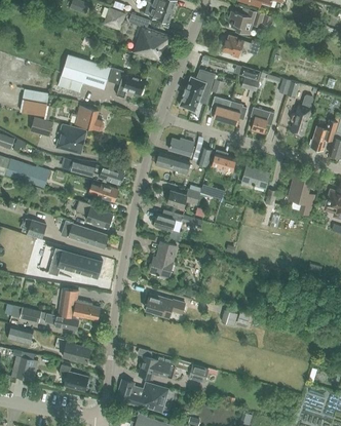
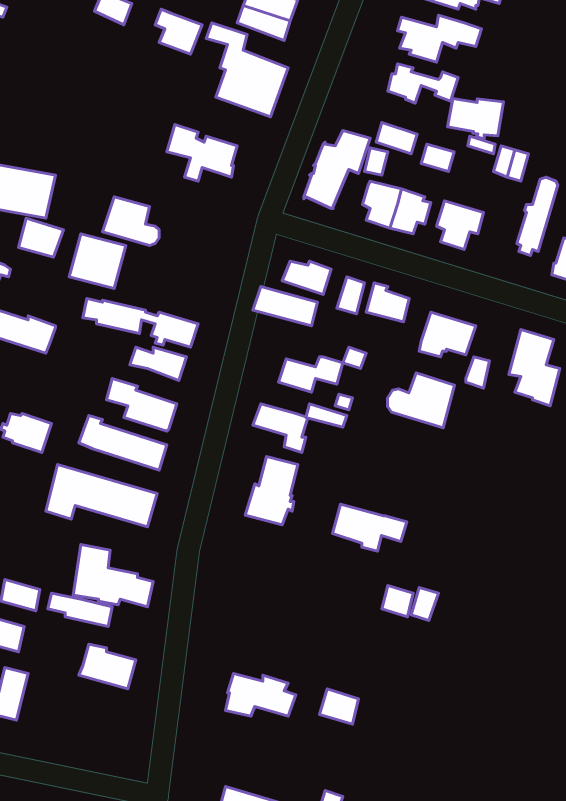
building: none -> [448,98,504,139]
building: [59,53,111,91] -> none
building: none -> [388,373,454,428]
building: [146,294,185,318] -> [333,504,407,551]
building: [59,363,88,390] -> none
building: [116,379,168,412] -> none

